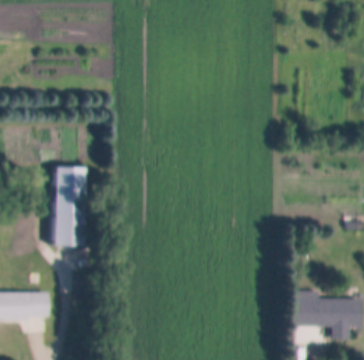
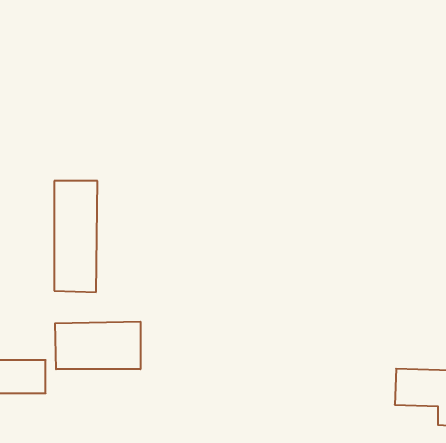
building: none -> [55,322,140,369]

